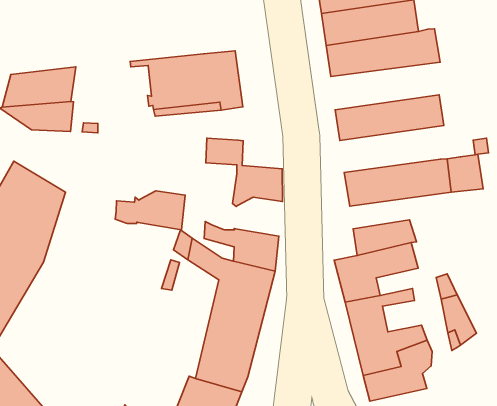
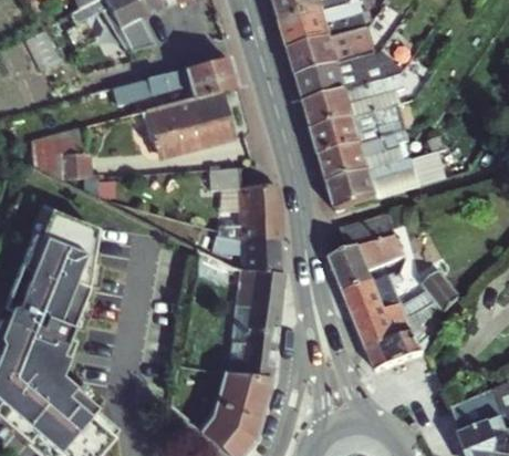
building: none -> [114,58,236,103]
building: none -> [305,75,403,129]
building: none -> [321,129,411,182]
building: [115,191,185,230] -> [222,214,281,245]

